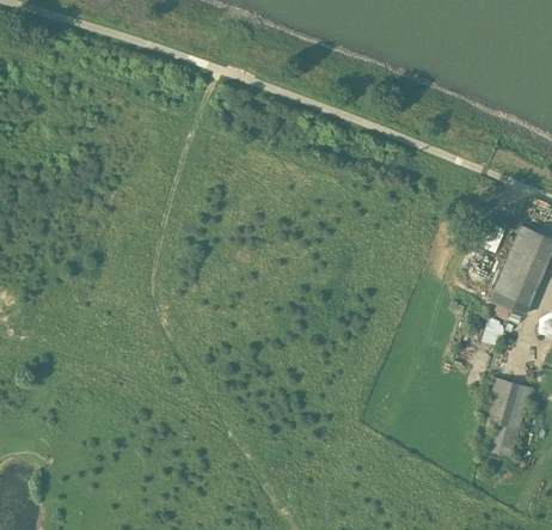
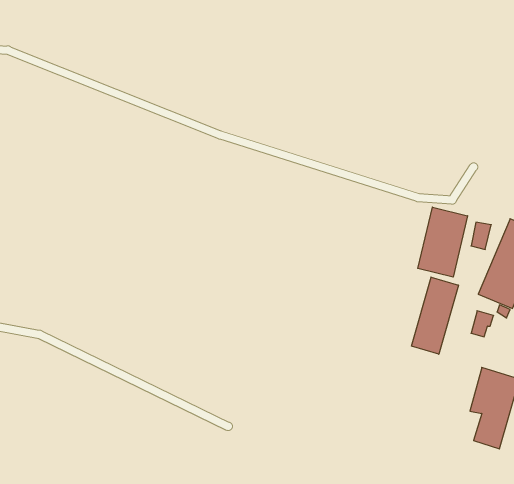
building: none -> [418,207,468,277]
building: none -> [411,277,458,354]

